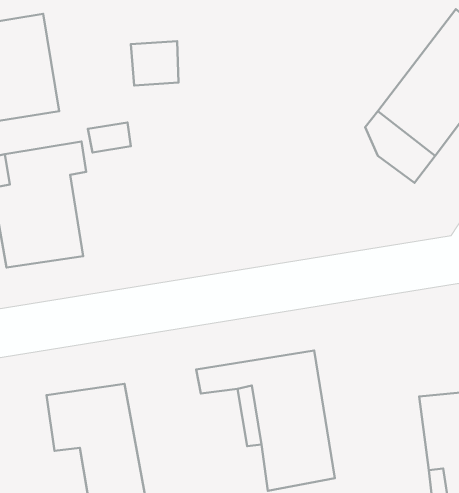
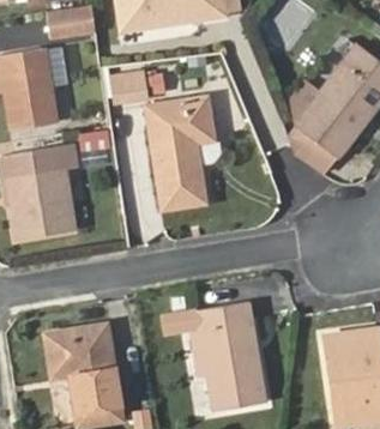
building: none -> [145,97,215,210]

